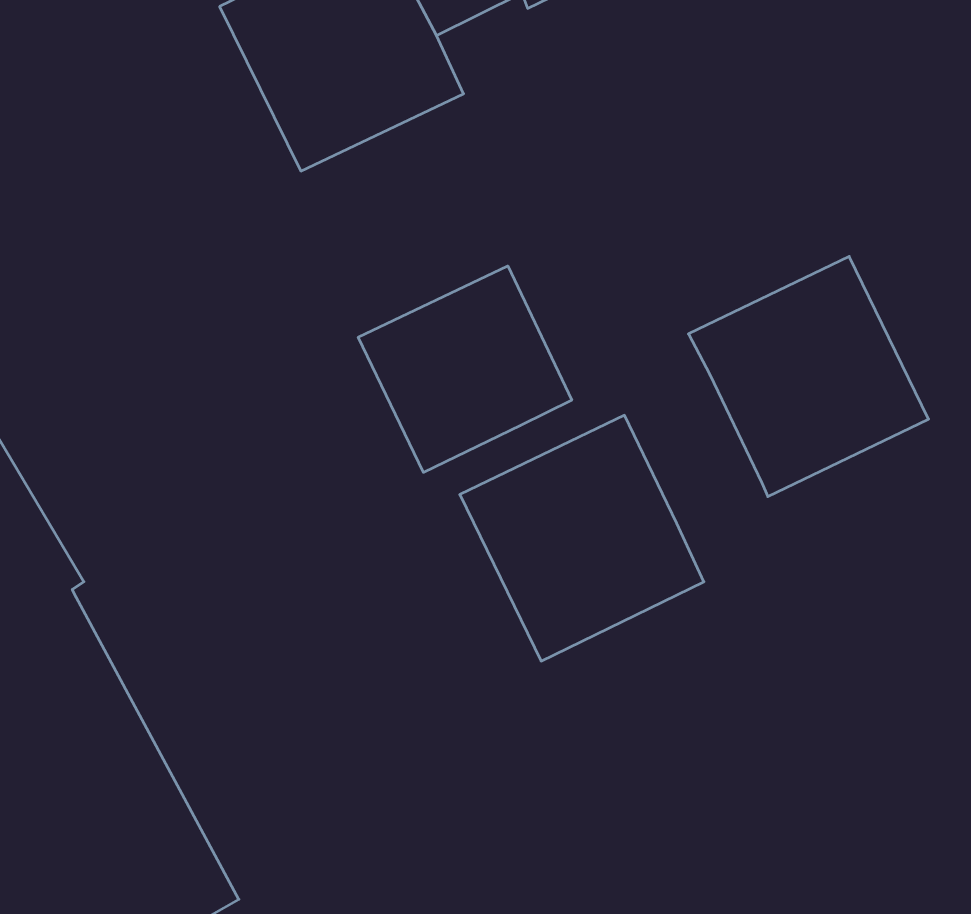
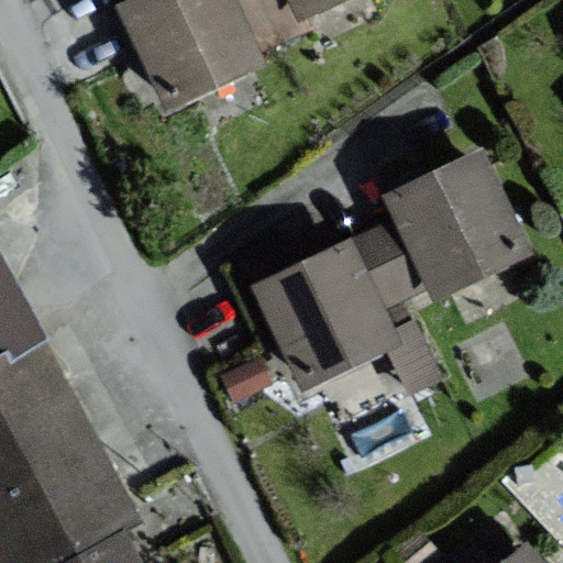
building: [358,266,572,472] -> none
building: none -> [355,221,433,306]

